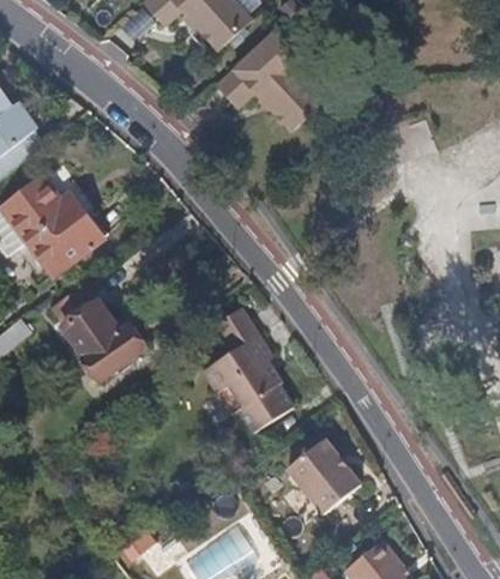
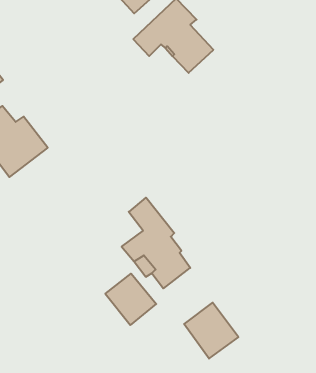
building: [53,283,144,380] -> none
building: none -> [105,274,156,325]

